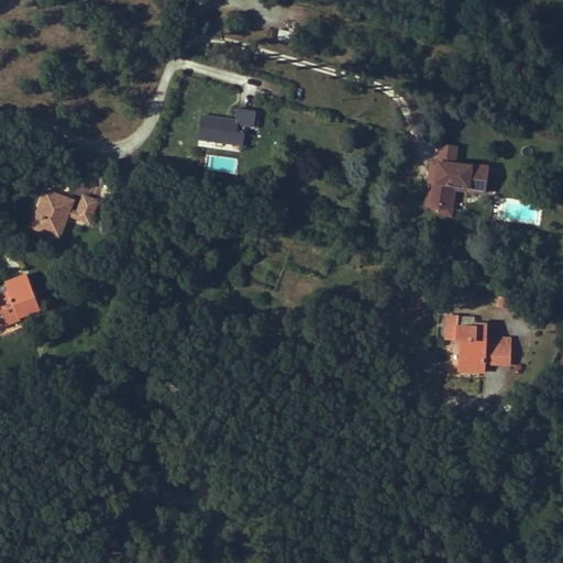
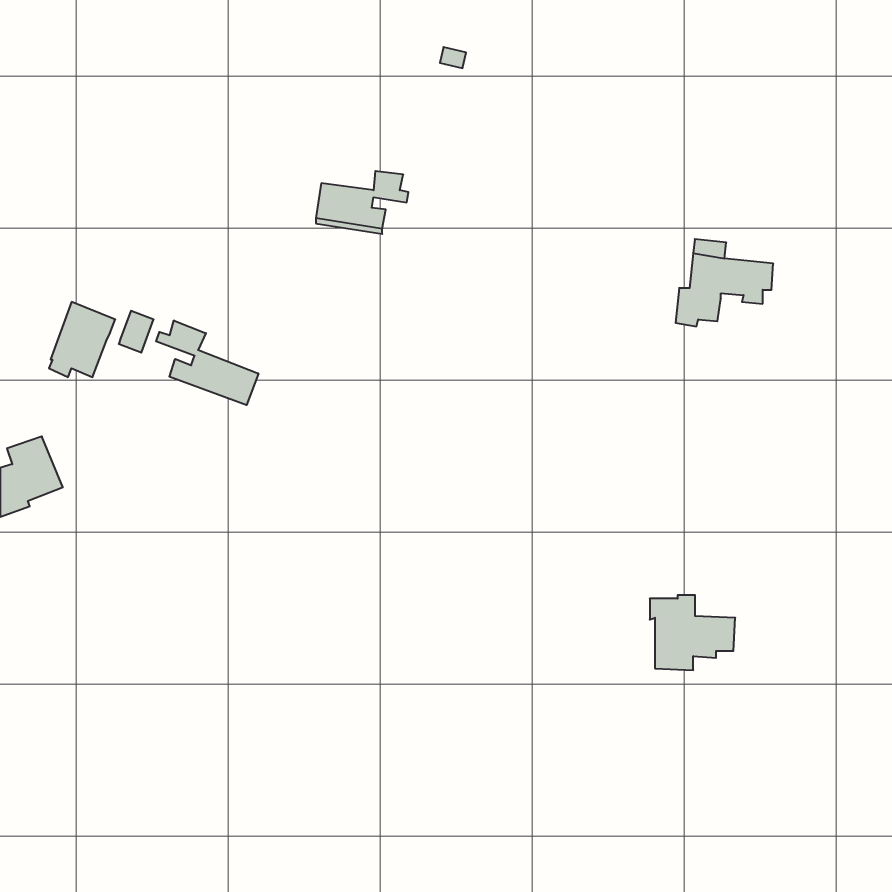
building: none -> [156,320,258,405]
building: [455,323,509,371] -> [650,595,735,670]

